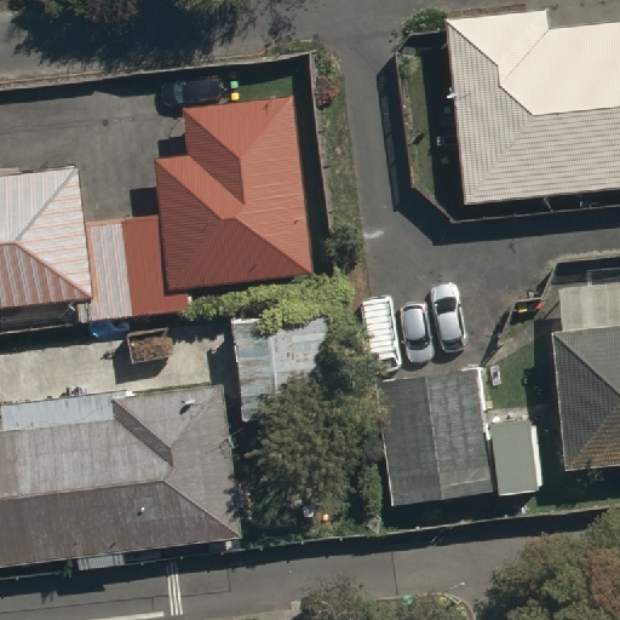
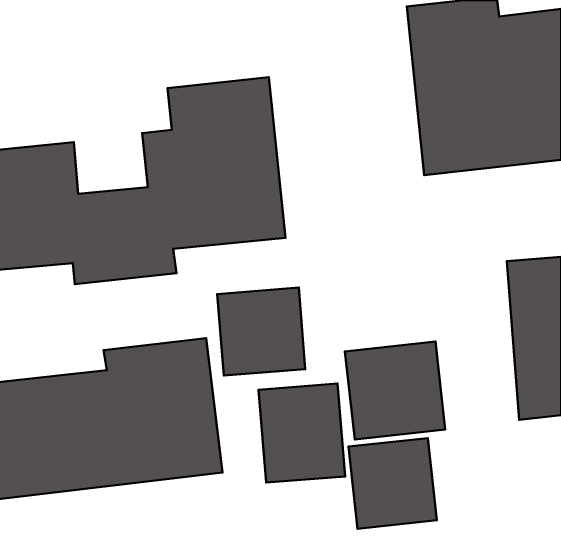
building: none -> [259,384,345,483]
building: none -> [348,438,437,529]

